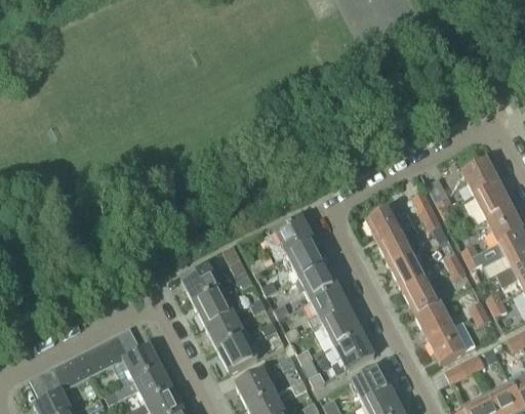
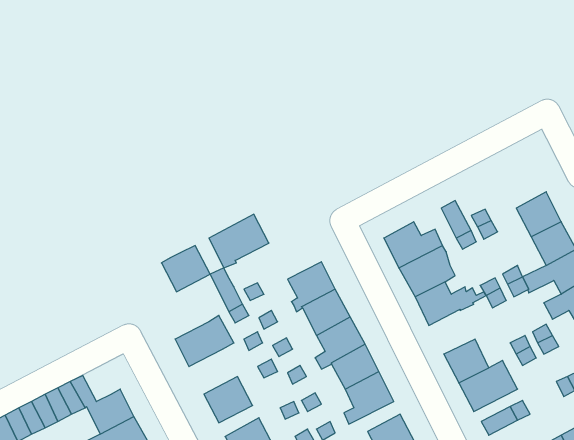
building: [461,160,498,197] -> none
building: [265,217,314,261] -> [209,214,269,268]
building: [181,266,221,304] -> [161,246,210,292]
building: [402,280,440,317] -> none
building: [205,313,245,349] -> none

